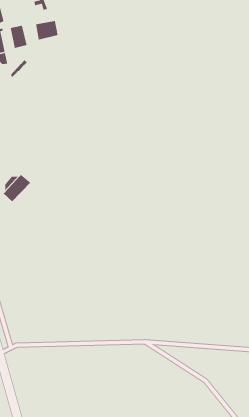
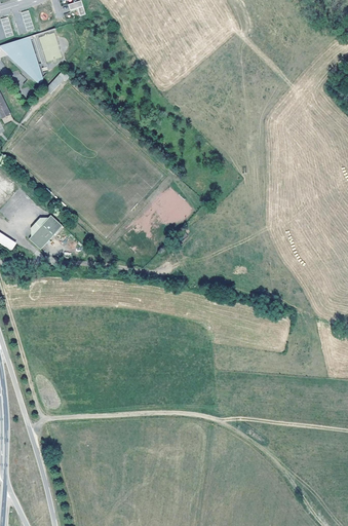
building: [35,20,59,40] -> none

